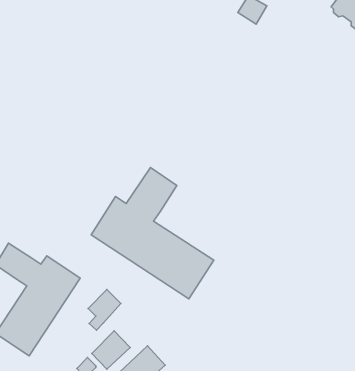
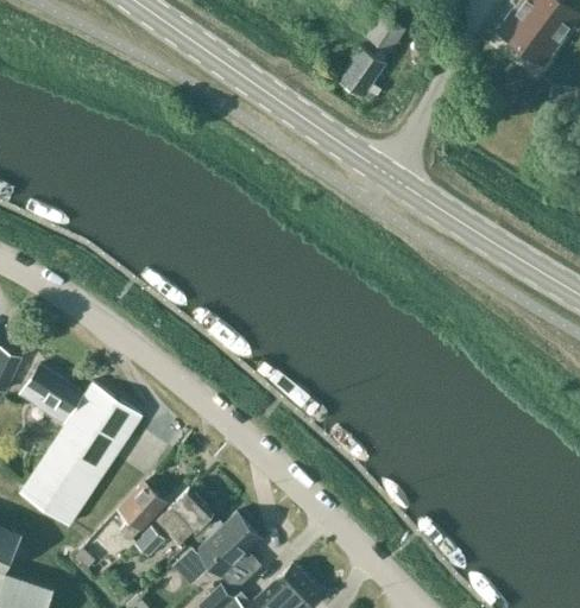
building: none -> [336,48,386,104]
building: [91,167,214,299] -> none
building: [88,289,121,330] -> [118,484,164,543]

